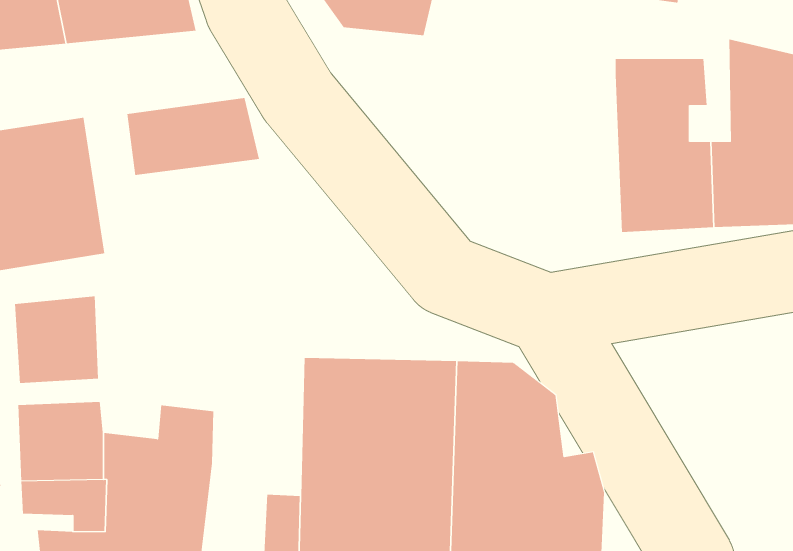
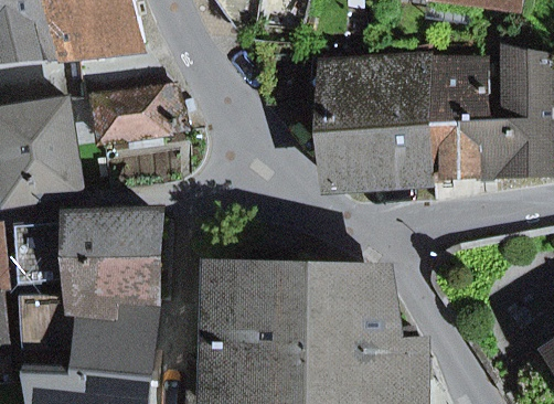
building: none -> [266,42,432,180]
building: none -> [74,214,159,317]

